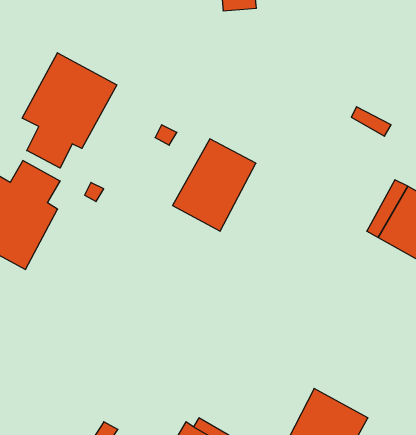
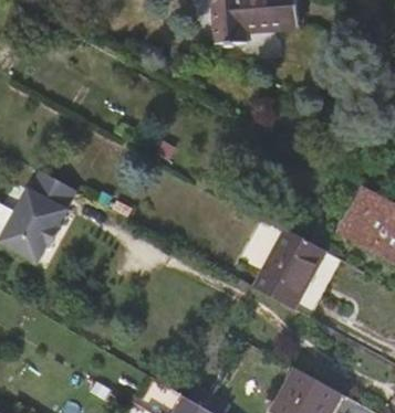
building: [22,53,117,168] -> none
building: [173,139,256,231] -> [253,230,325,309]

